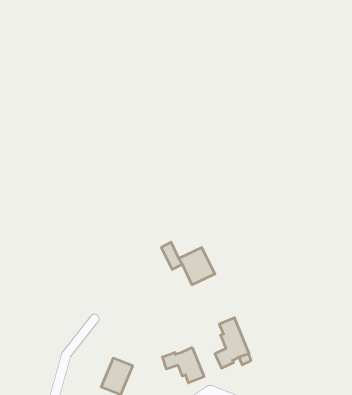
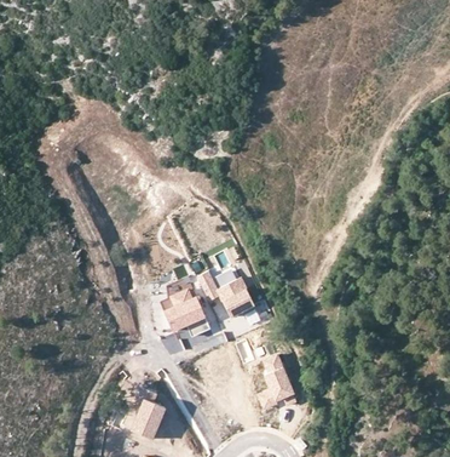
building: none -> [163,289,210,338]
building: [162,348,204,383] -> none

